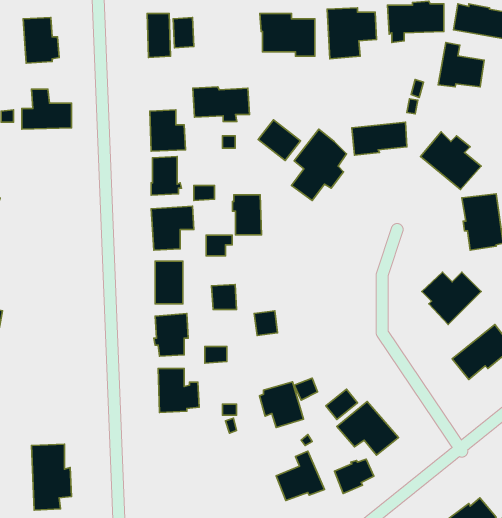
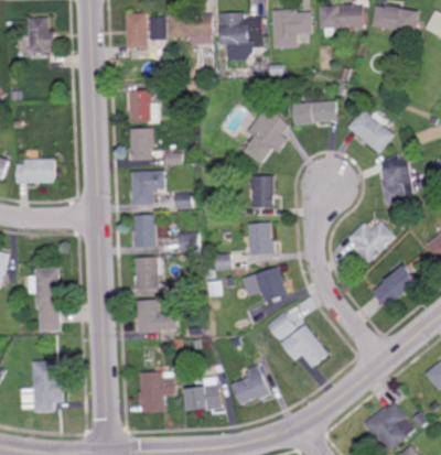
building: [438,43,484,87] -> none
building: [193,87,249,121] -> [166,15,212,43]
building: [22,89,71,129] -> [17,150,56,182]
building: [258,120,300,161] -> none
building: [233,195,261,235] -> [250,175,273,207]
building: none -> [248,220,275,256]
building: none -> [29,267,63,331]
building: [260,382,304,427] -> [250,266,286,302]
building: none -> [136,365,174,413]
building: [334,459,374,494] -> none
building: none -> [183,377,222,411]

